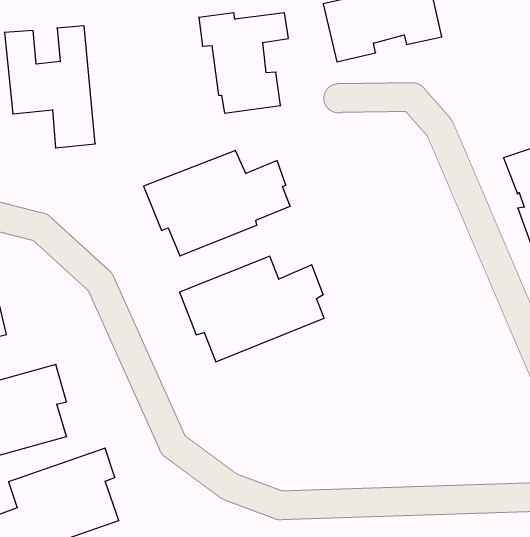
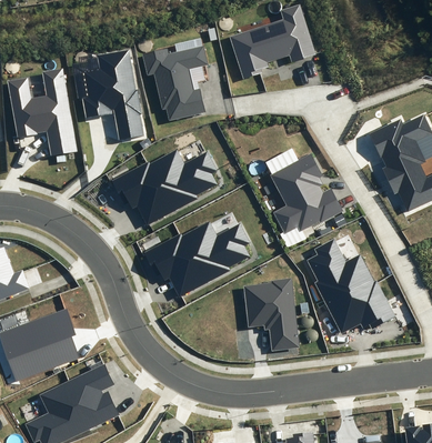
building: none -> [82,50,144,139]
building: none -> [270,152,342,233]
building: none -> [307,240,394,334]
building: none -> [242,278,300,350]

